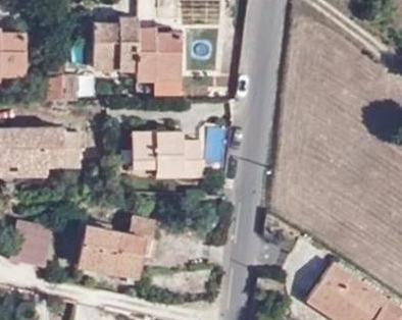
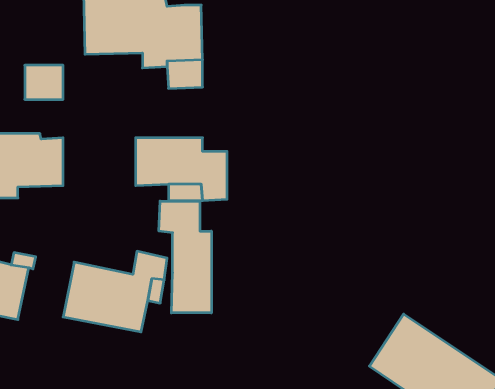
building: none -> [159,201,211,313]

